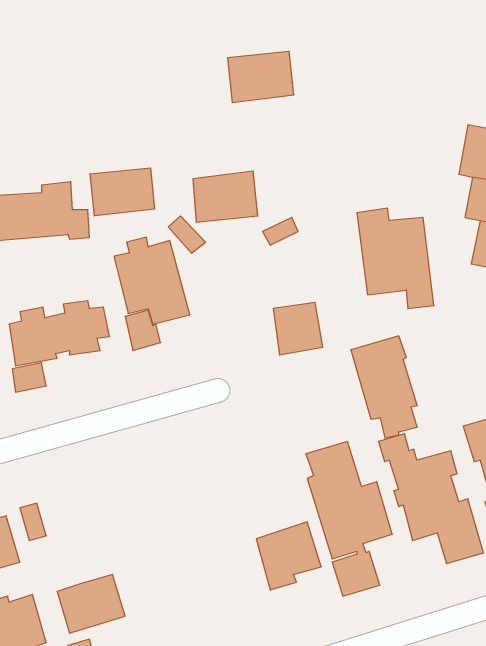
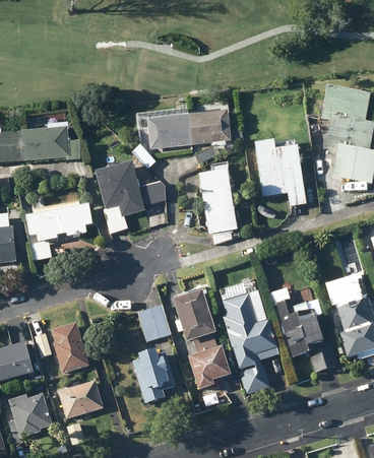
building: [228,52,294,103] -> [187,110,231,143]
building: [90,168,154,216] -> none
building: none -> [195,171,228,204]
building: none -> [139,181,166,205]
building: [351,336,417,438] -> [173,285,216,352]
building: none -> [136,304,171,341]
building: none -> [51,321,88,373]
building: none -> [132,348,176,402]

